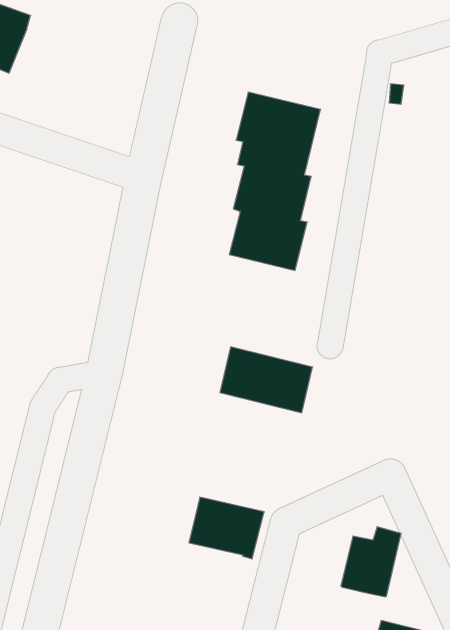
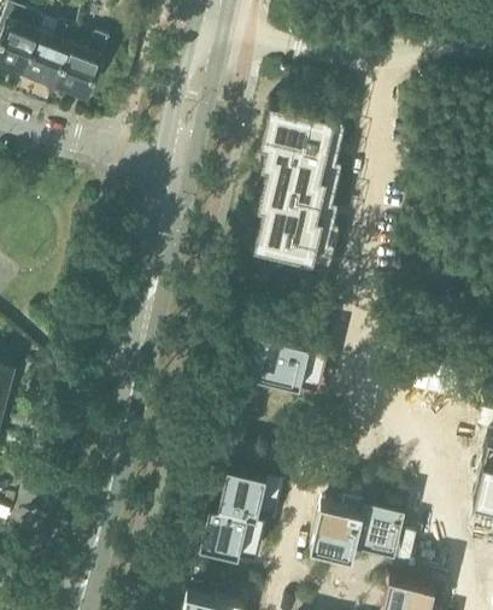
building: none -> [57,41,111,104]
building: none -> [311,502,365,564]
building: none -> [200,509,266,564]

